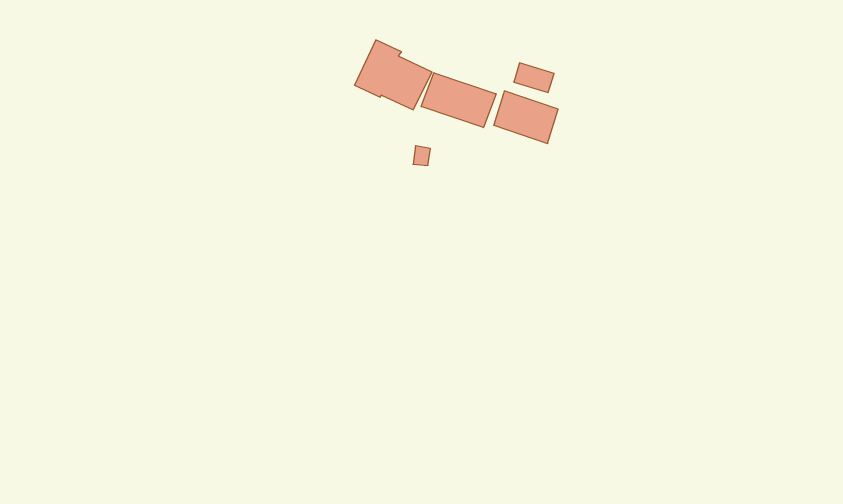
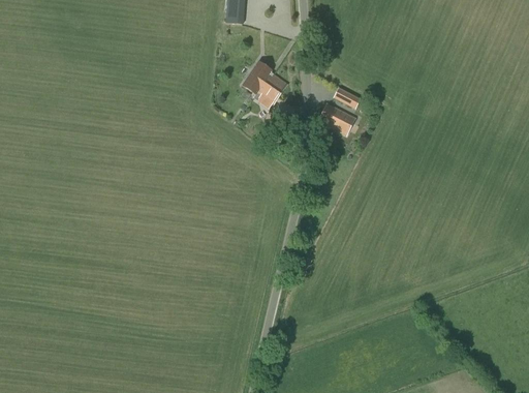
building: [421,73,496,128] -> none

